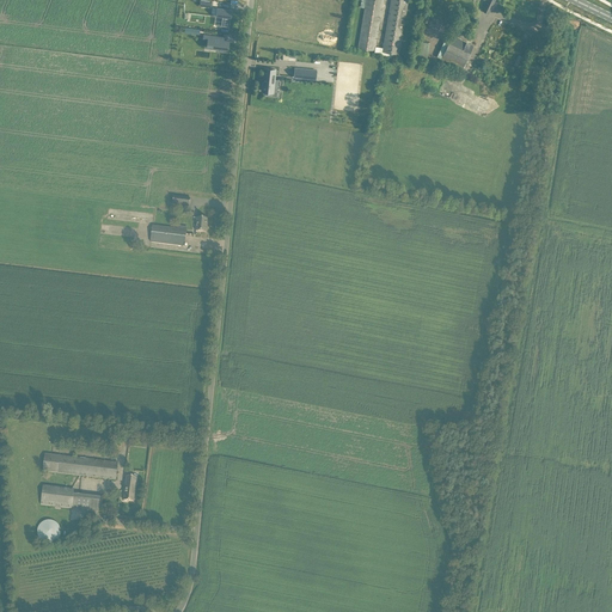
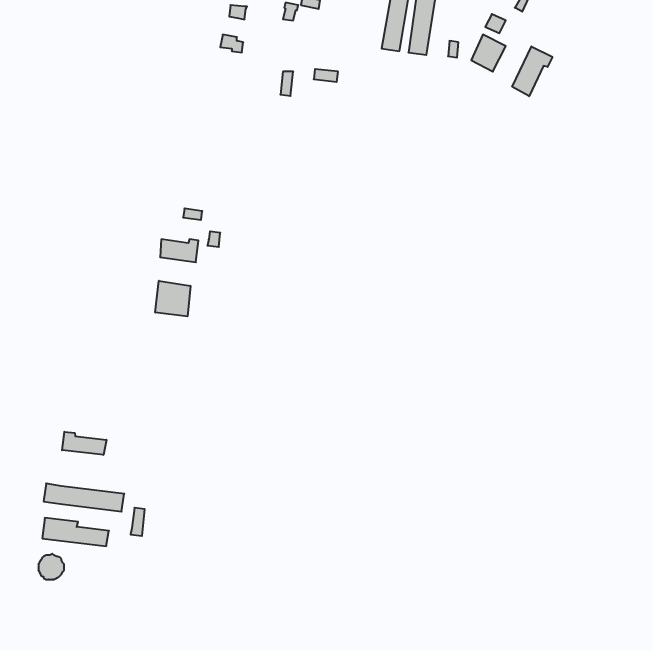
building: none -> [512,46,552,96]
building: none -> [155,281,190,316]
building: none -> [62,432,106,455]

